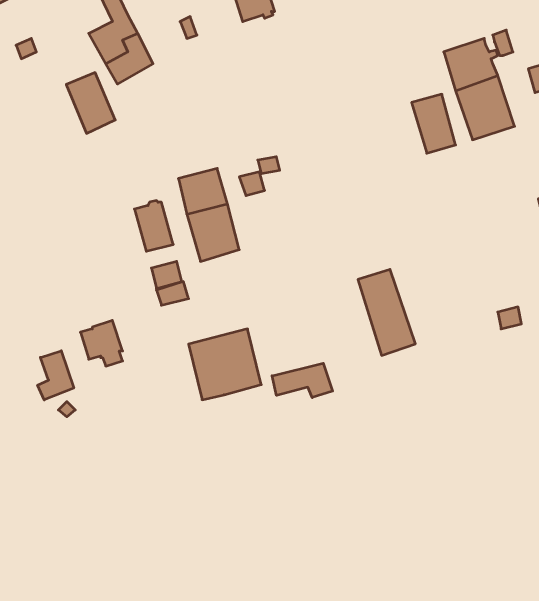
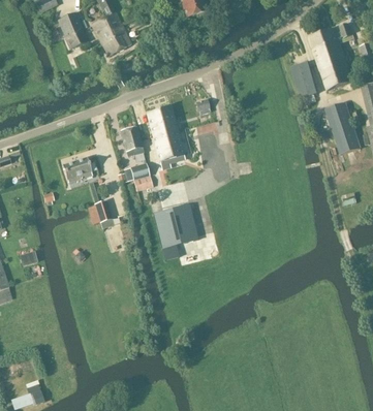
building: [66,73,115,133] -> [57,11,87,49]
building: none -> [61,158,95,183]
building: [358,269,415,355] -> [324,101,360,154]
building: [38,351,74,400] -> none
building: [272,363,333,398] -> none

